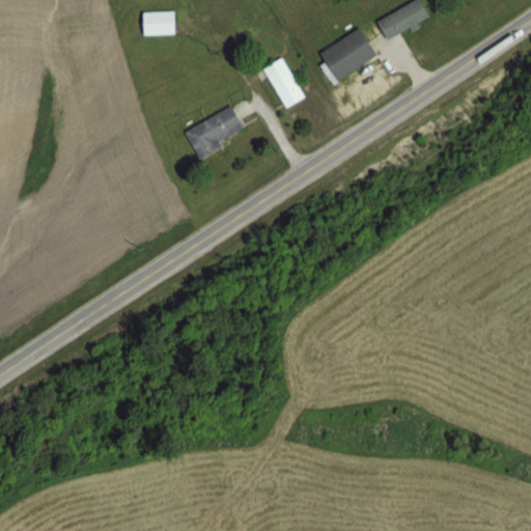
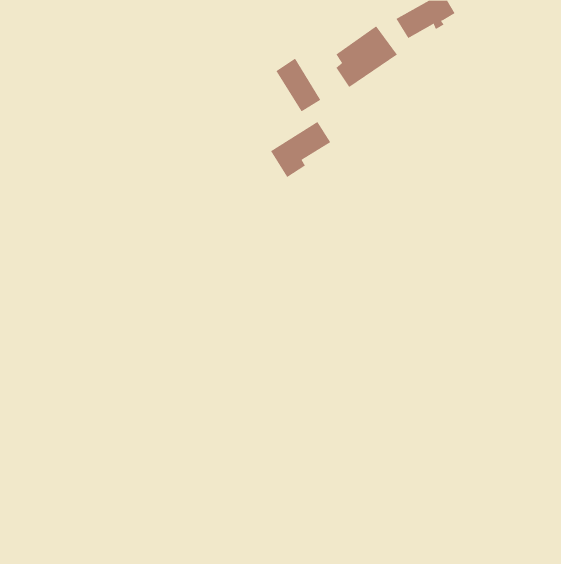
building: [142,10,175,36] -> none
building: [187,105,244,158] -> [270,121,331,178]

